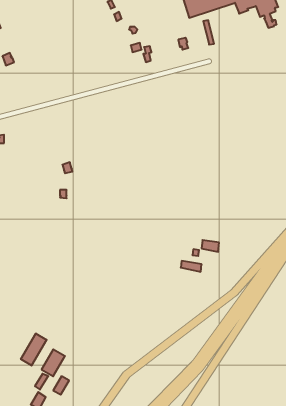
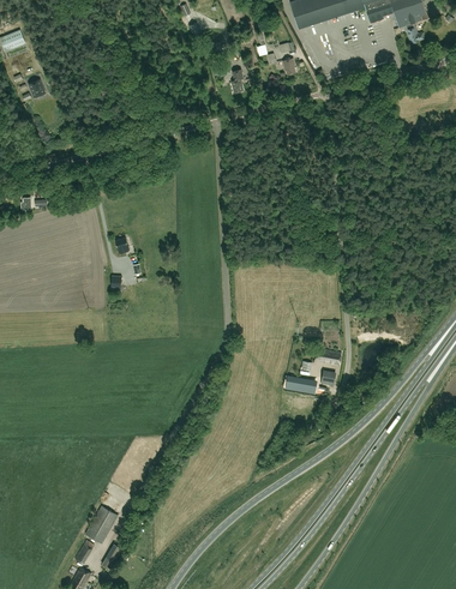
building: [21,333,47,366] -> none

